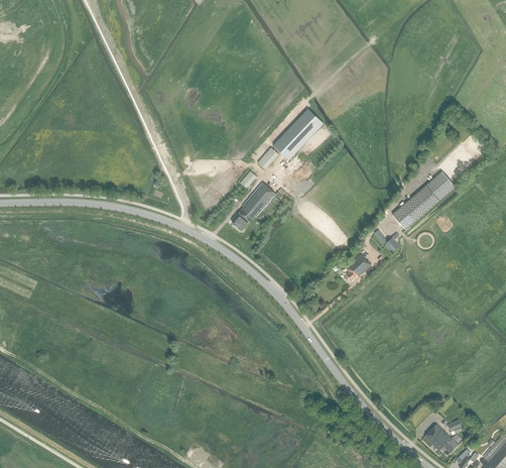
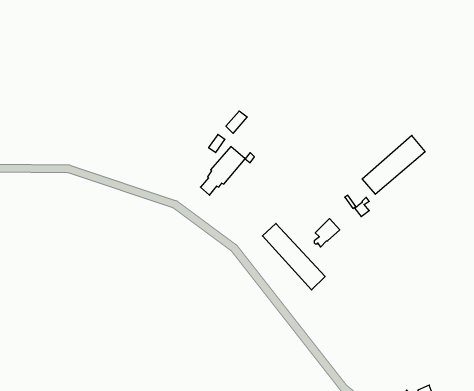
building: [274,108,324,158] -> none
building: none -> [262,223,325,290]

